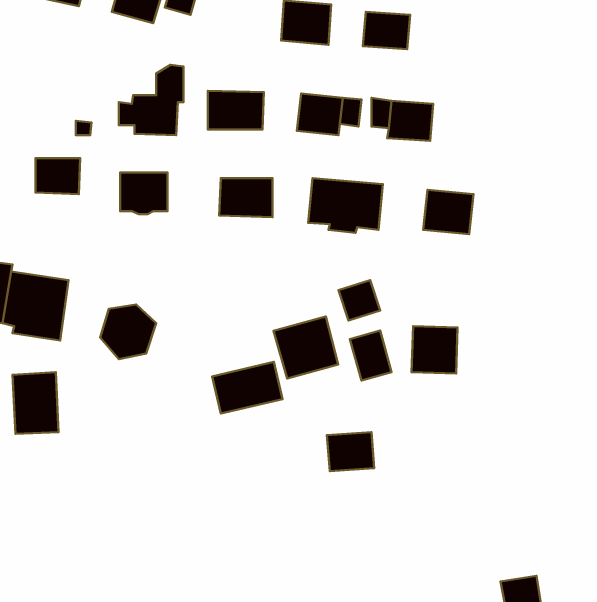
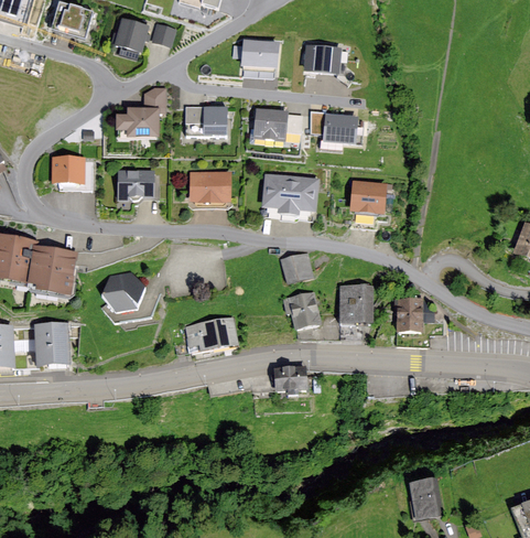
building: [274,317,338,378] -> none
building: none -> [398,297,426,330]

